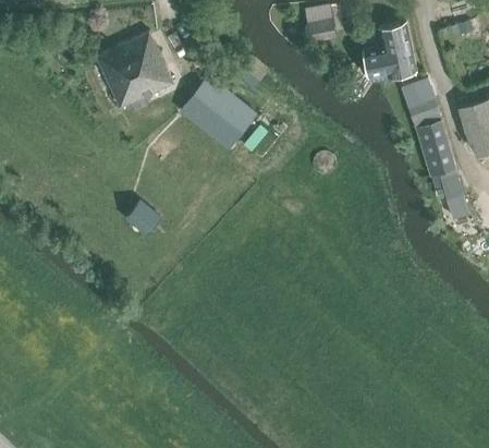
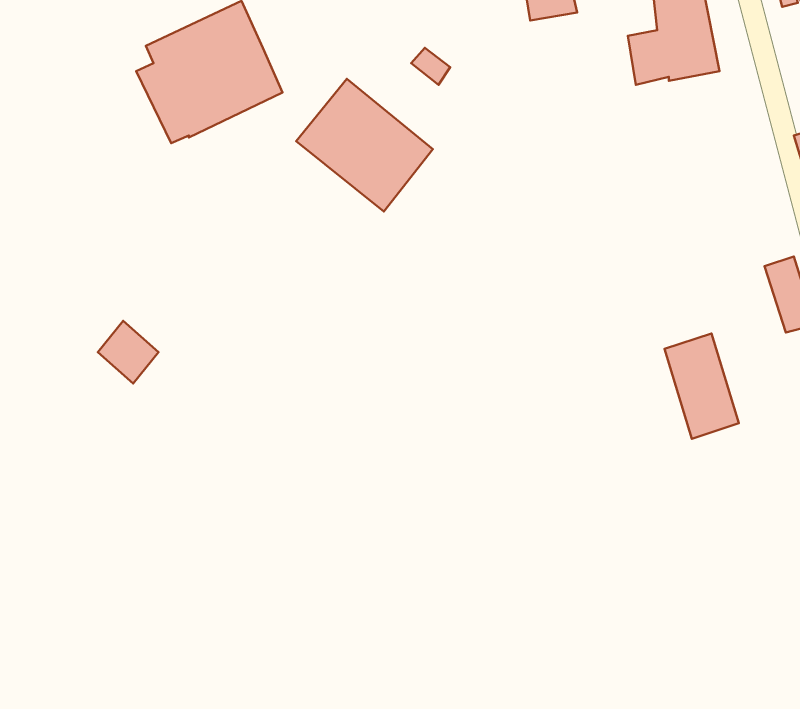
building: [402,80,440,123] -> none
building: [416,120,457,179] -> [665,333,739,439]
building: [126,202,160,237] -> [98,321,158,383]

